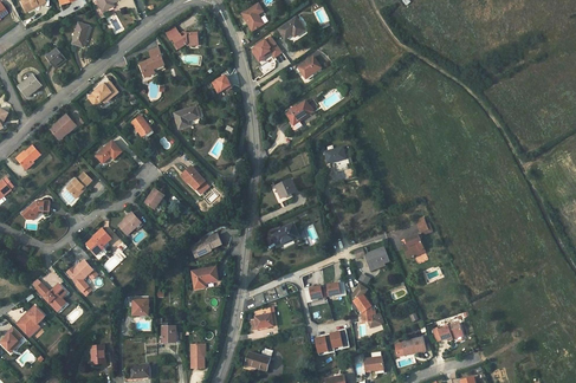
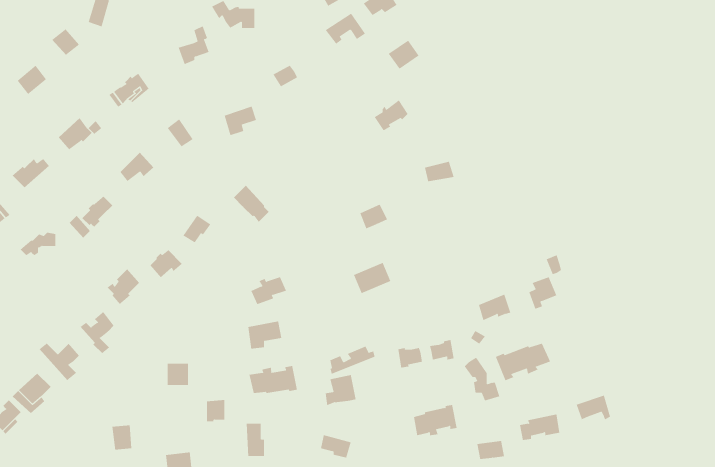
building: none -> [495,343,551,381]
building: none -> [249,365,298,394]

